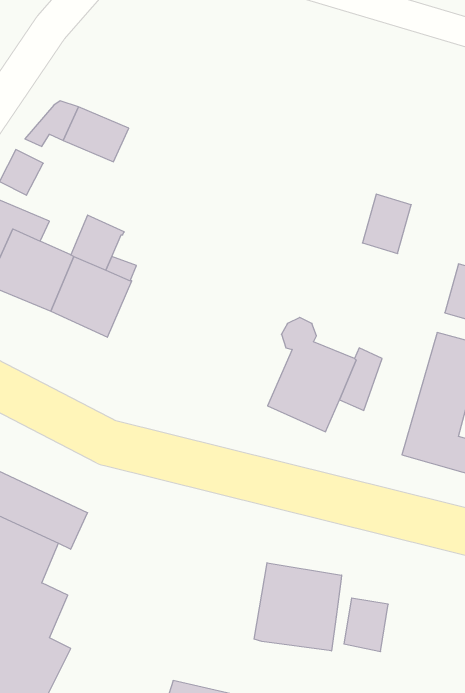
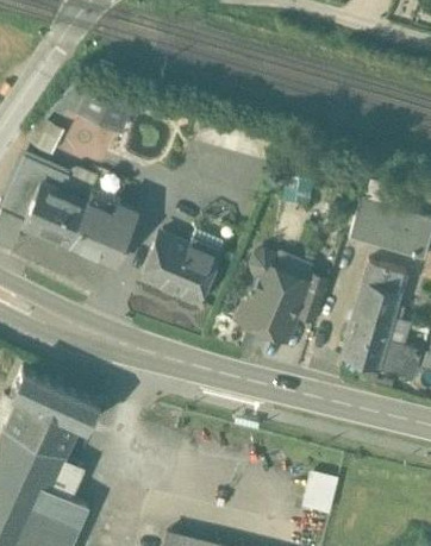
building: [362,194,411,254] -> [350,200,388,246]
building: none -> [140,230,223,301]
building: [254,563,342,651] -> none

